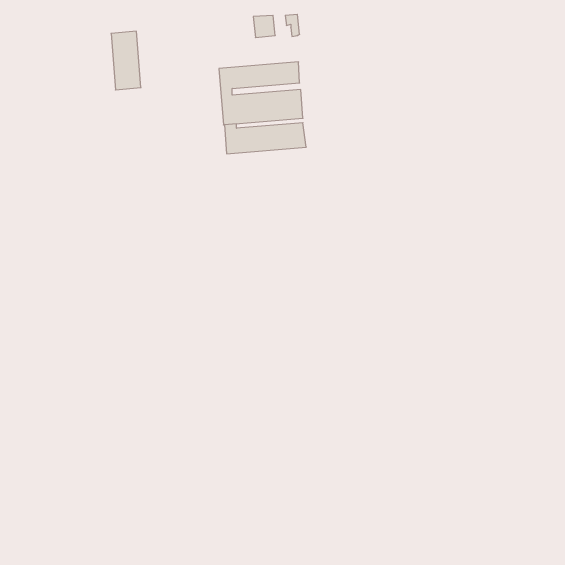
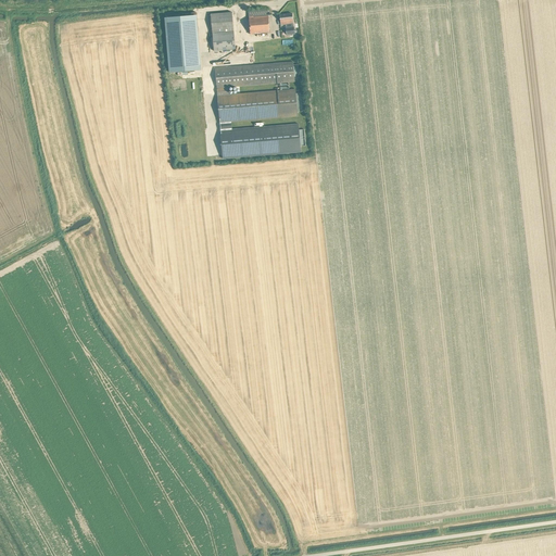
building: none -> [211,12,236,51]
building: [111,31,141,90] -> [166,15,195,73]

